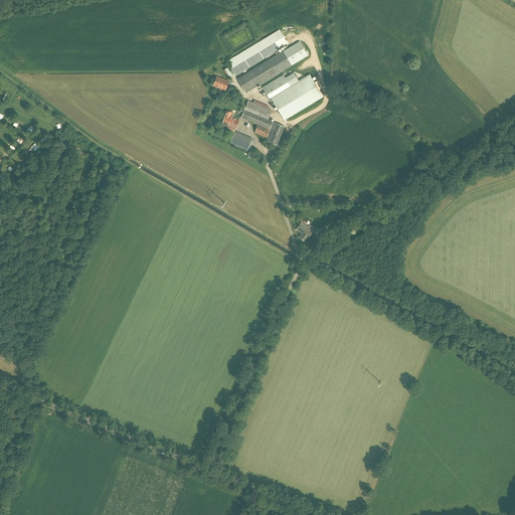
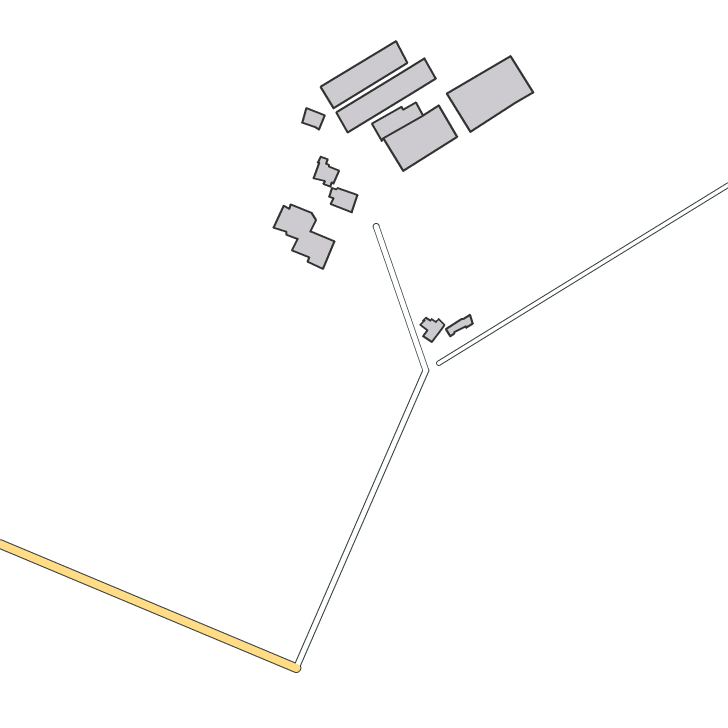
building: none -> [447,56,533,132]
building: [241,101,285,146] -> [273,205,335,269]

